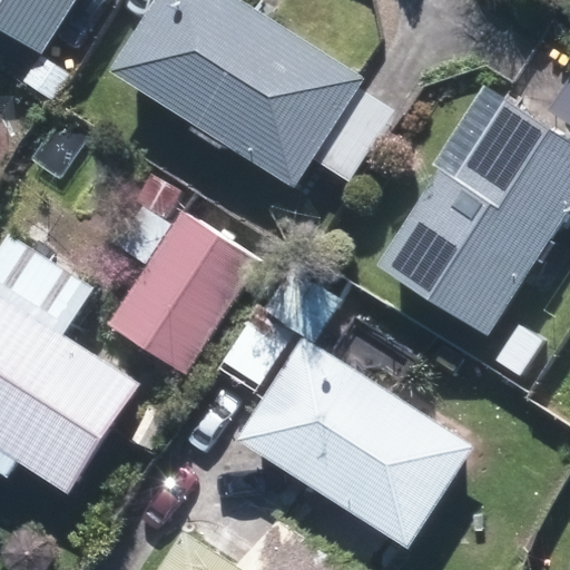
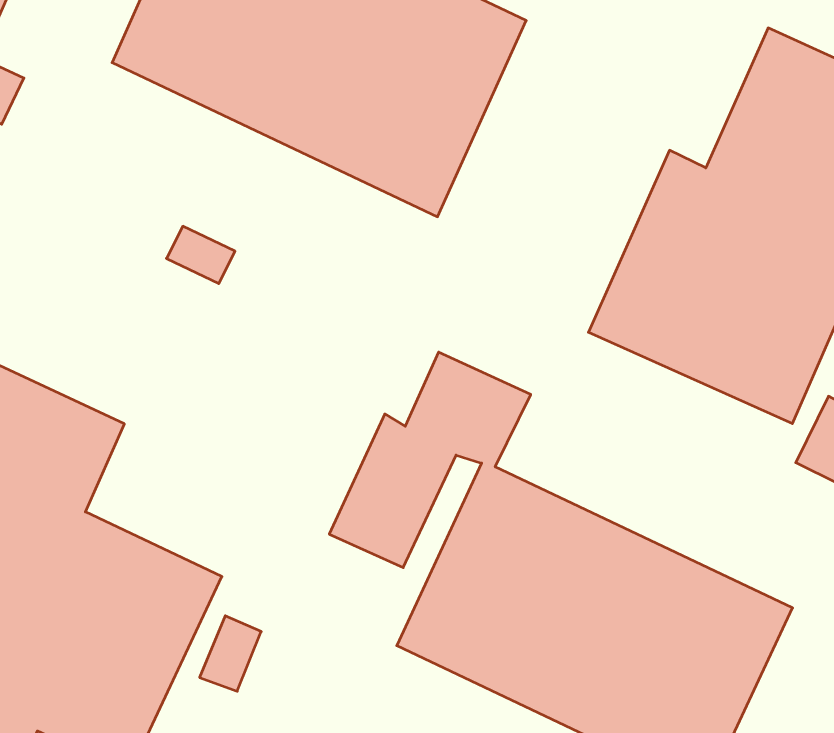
building: [111,205,261,374] -> none

